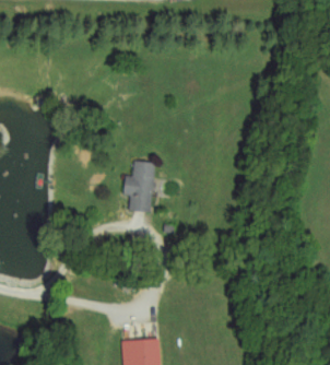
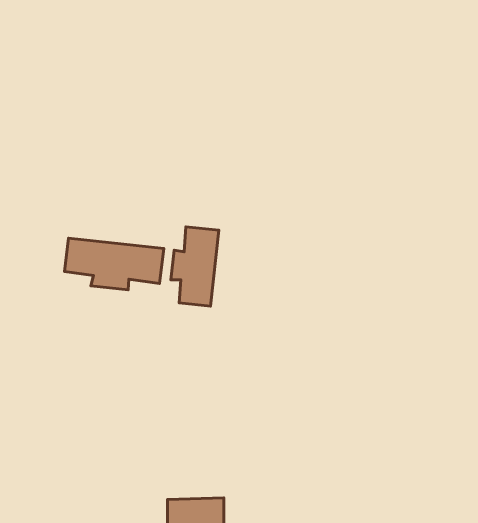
building: none -> [65,238,164,290]

